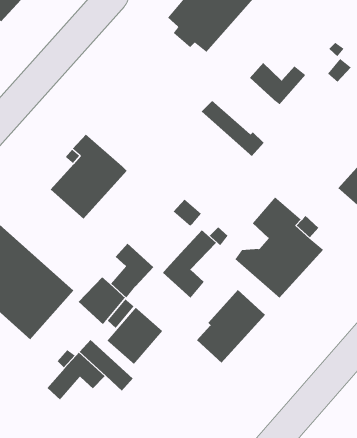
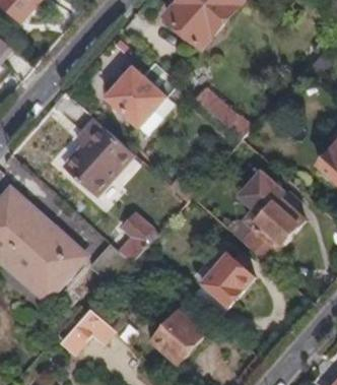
building: none -> [100,55,171,120]
building: [249,62,306,105] -> none
building: [162,230,217,299] -> none
building: [106,307,163,365] -> [152,312,202,363]

